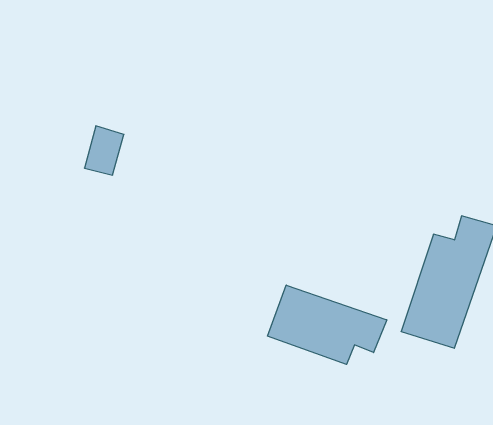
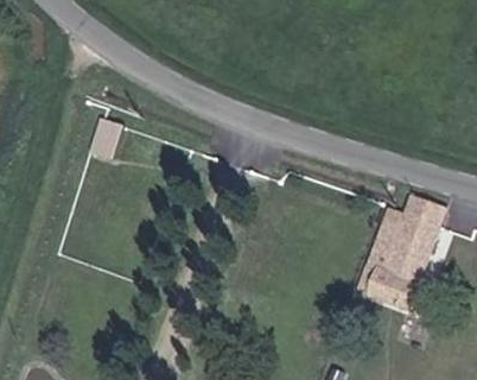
building: [267,285,387,364] -> none

